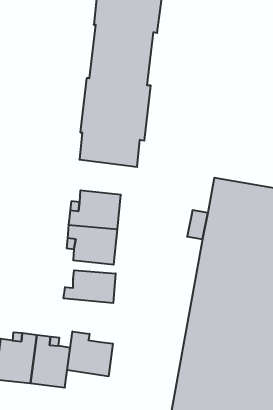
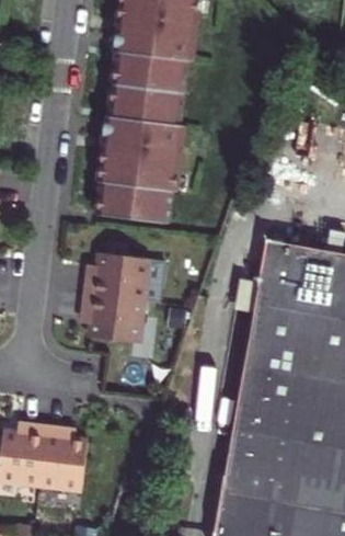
building: [64,270,116,303] -> none
building: [67,331,113,376] -> none

